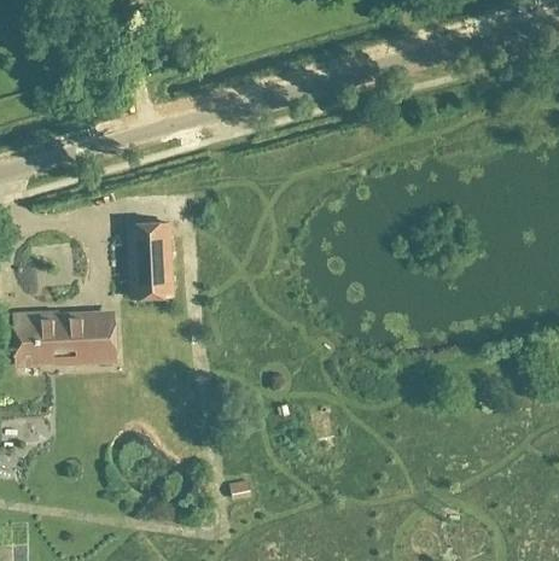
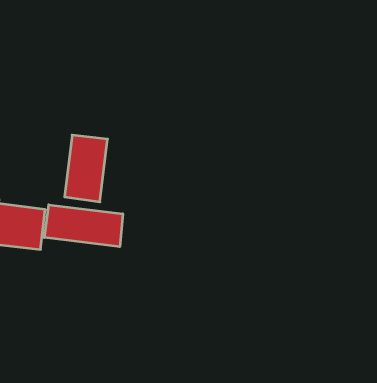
building: none -> [44,205,123,247]

